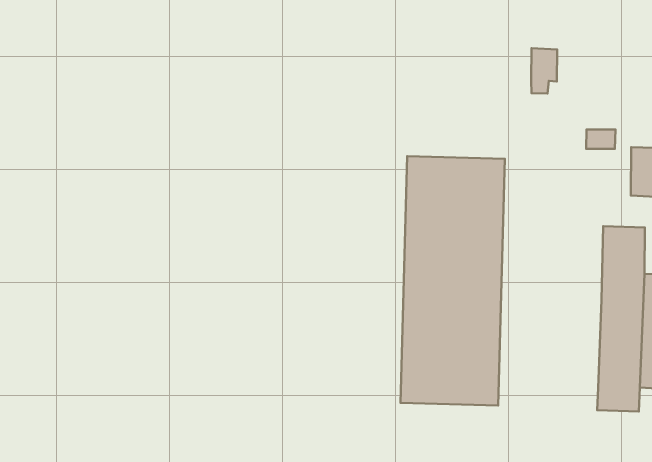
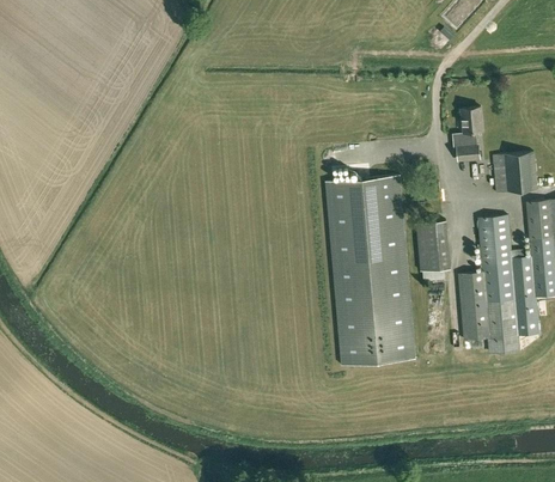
building: [531,48,557,93] -> [461,106,482,141]
building: none -> [415,219,449,270]
building: none -> [457,271,486,340]

